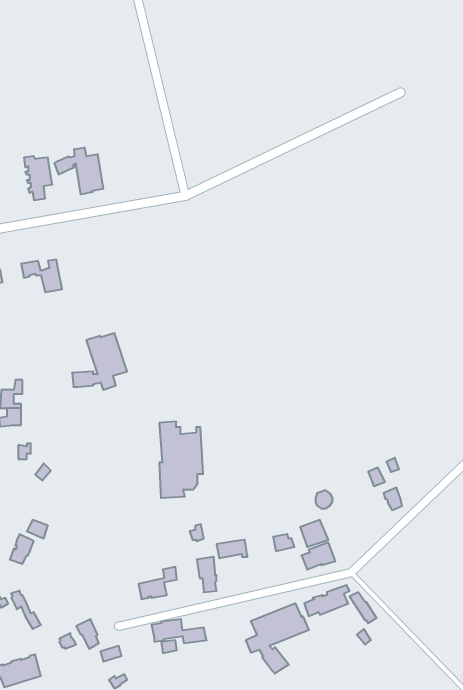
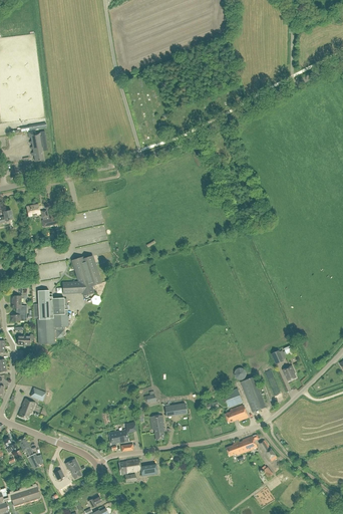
building: [54,147,103,194] -> none
building: [159,422,203,498] -> [36,289,67,343]
building: none -> [240,376,265,412]
building: [246,603,309,674] -> none

